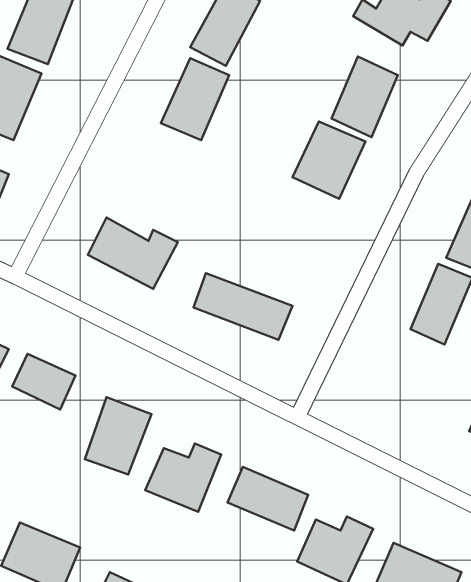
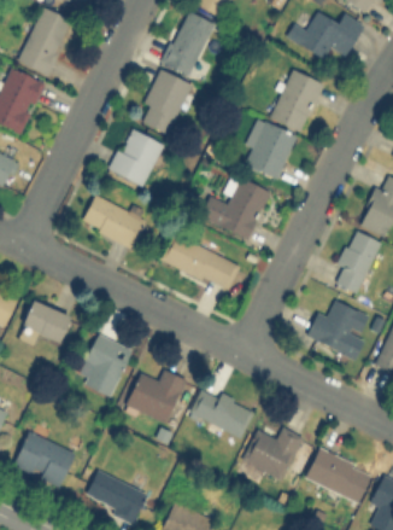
building: none -> [108,128,164,187]
building: none -> [200,175,270,240]
building: none -> [306,301,370,360]

